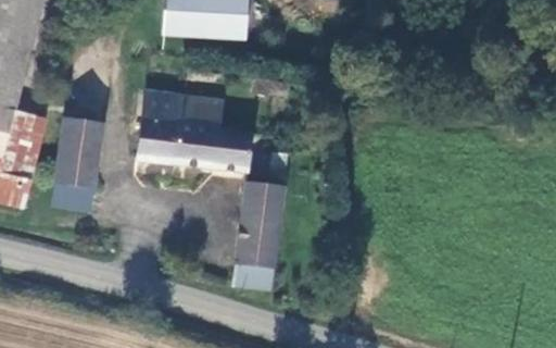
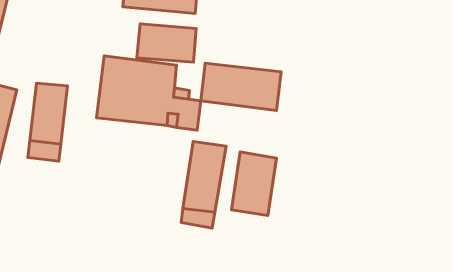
building: none -> [137,24,196,62]
building: none -> [201,63,281,110]
building: none -> [231,152,277,215]

